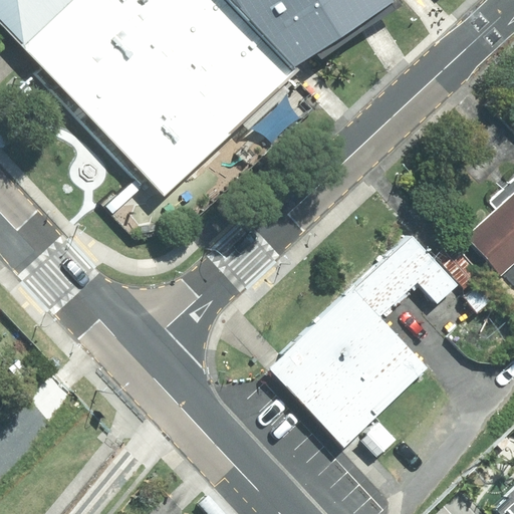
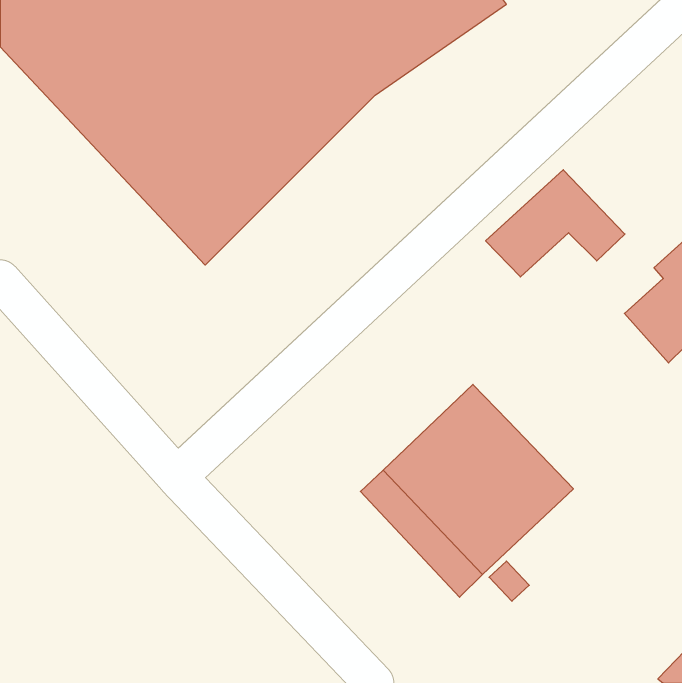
building: [356,235,461,315] -> [486,170,625,277]

